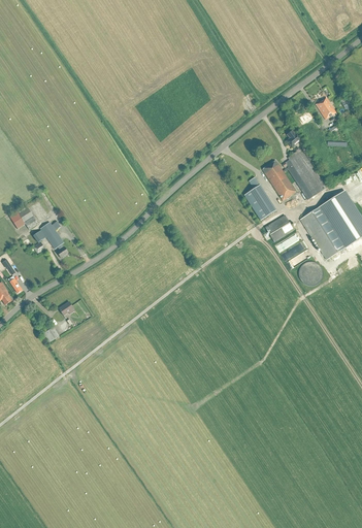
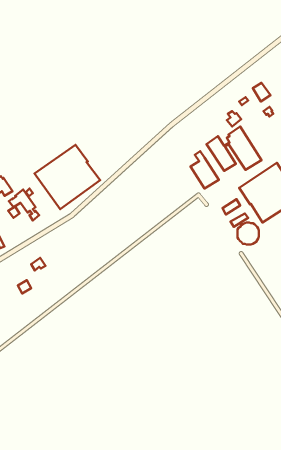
building: none -> [34,145,100,209]
building: [264,213,294,241] -> none

